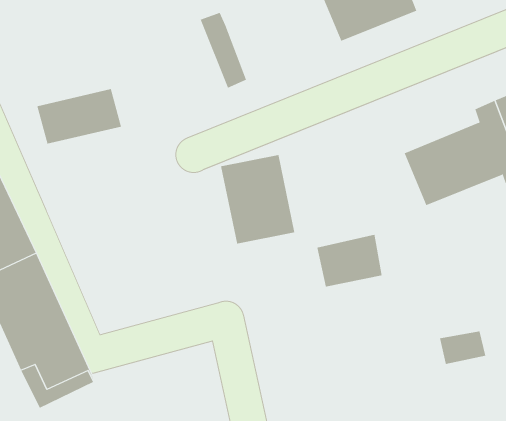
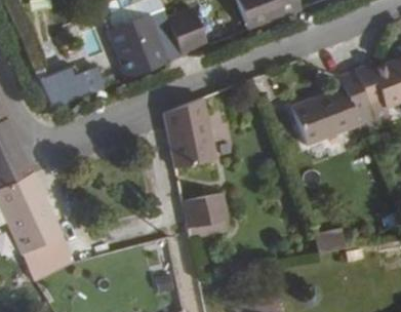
building: none -> [168,8,208,56]
building: none -> [108,16,167,79]
building: [316,234,383,287] -> [182,196,228,233]

